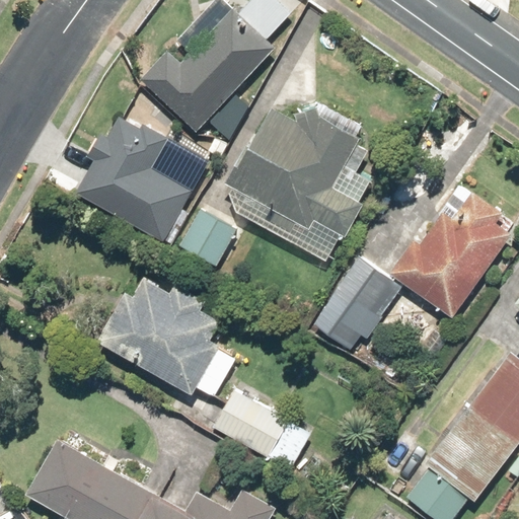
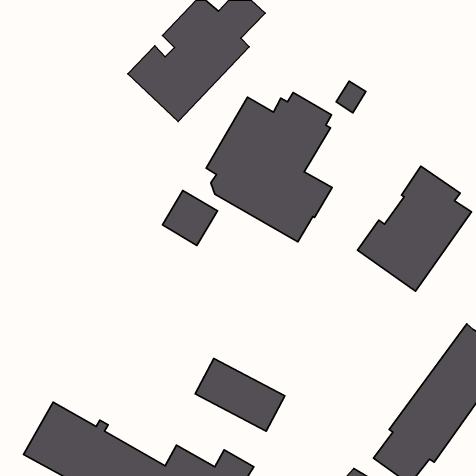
building: [75,118,193,243] -> none
building: [313,260,391,347] -> none
building: [94,277,234,397] -> none

